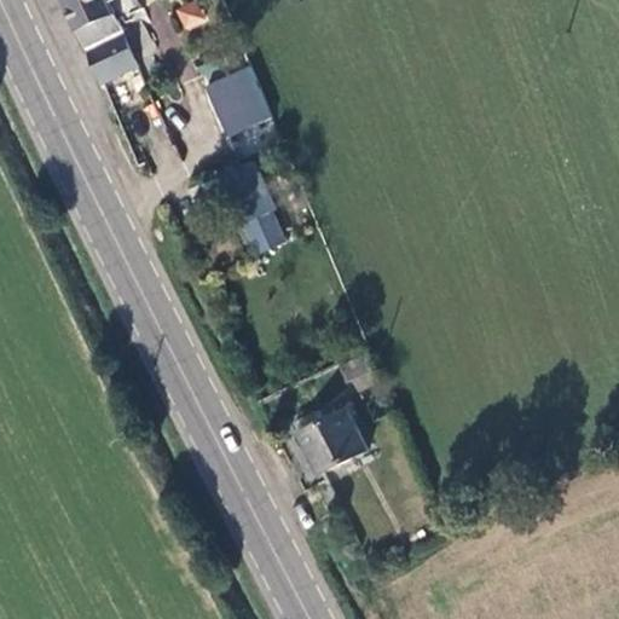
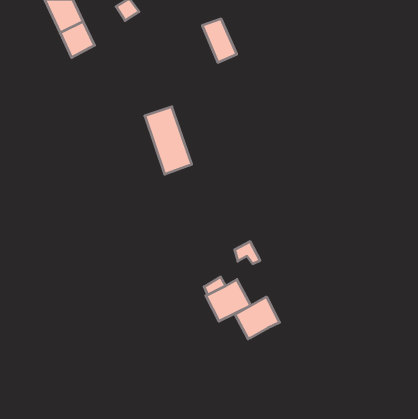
building: [209,69,260,133] -> [202,19,237,62]
building: none -> [235,297,280,339]

